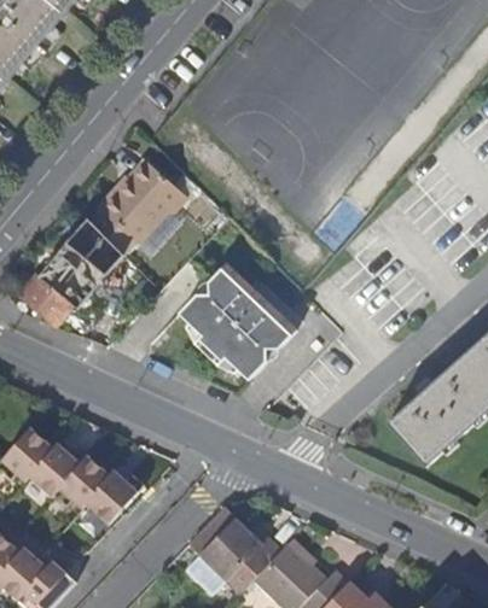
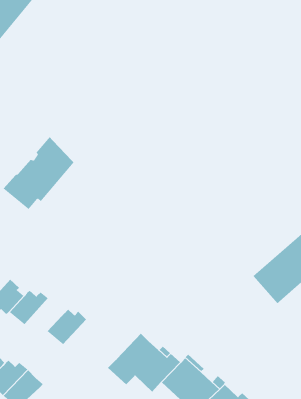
building: [93,158,182,252] -> none
building: [179,262,296,379] -> none
building: [52,456,110,507] -> none

